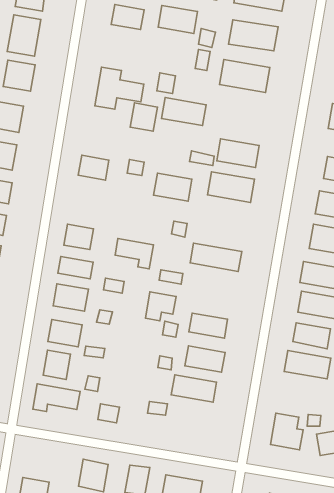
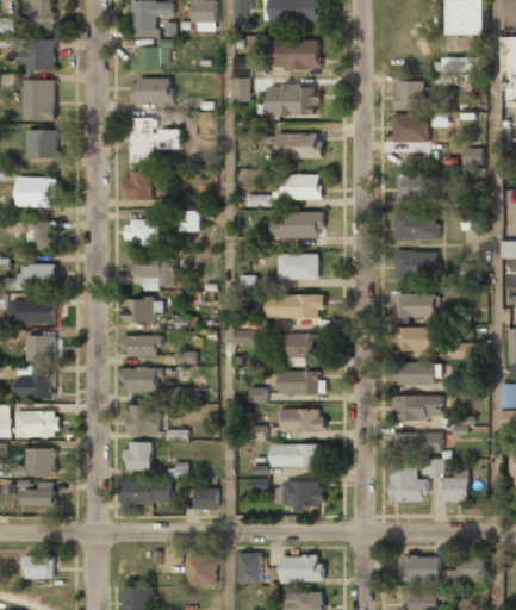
building: [158,5,198,34] -> [132,79,173,104]
building: [162,97,206,126] -> [275,135,322,158]
building: [130,103,158,131] -> [125,173,151,200]
building: [153,173,192,201] -> [278,255,317,280]
building: [115,239,154,269] -> [133,259,174,286]
building: [145,292,176,321] -> [287,335,317,365]
building: none -> [391,434,441,454]
building: none -> [284,483,323,508]

